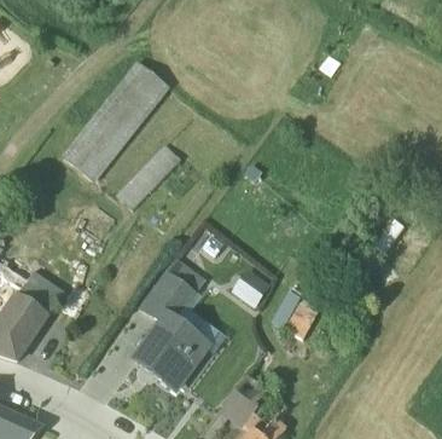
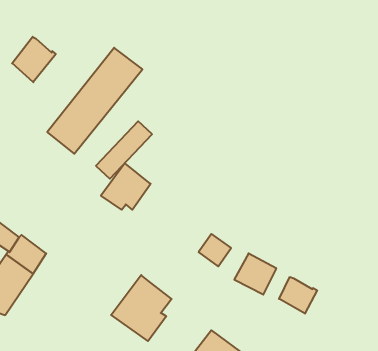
building: none -> [12,37,56,82]
building: [141,270,197,322] -> [101,163,151,210]
building: none -> [279,277,317,314]

